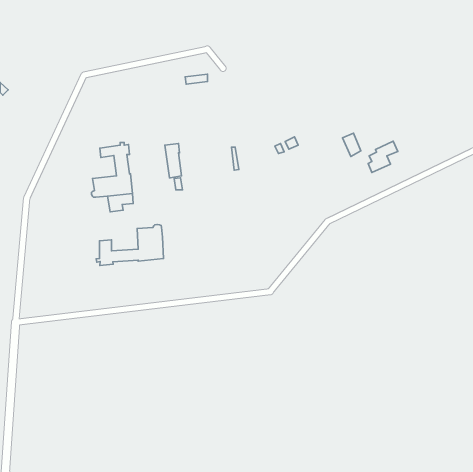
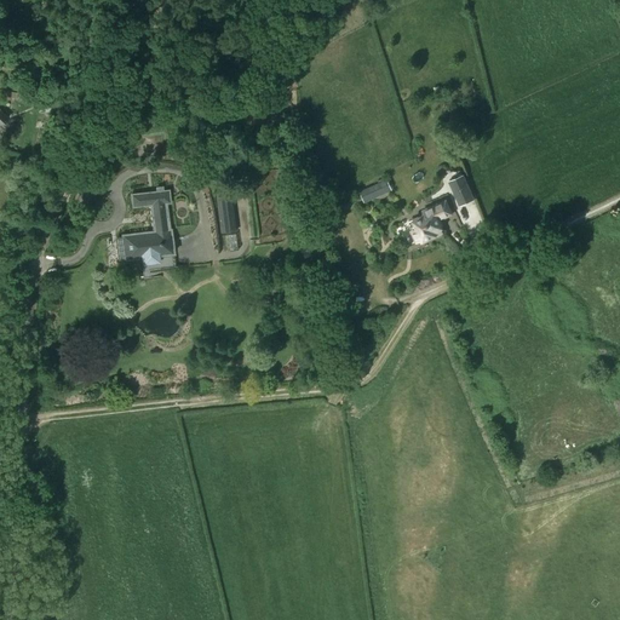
building: [368,141,398,173] -> [412,200,450,241]
building: [96,224,164,266] -> none

